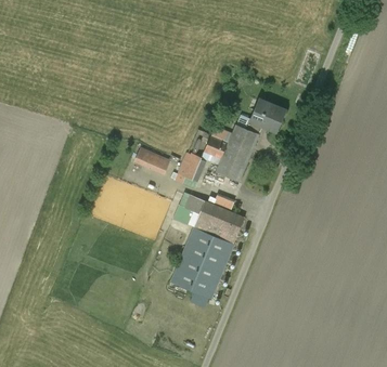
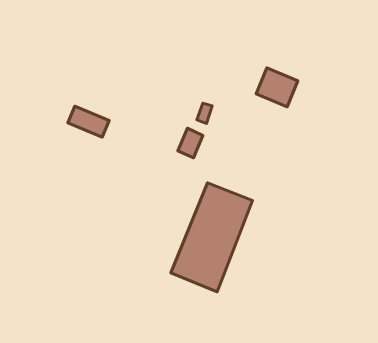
building: [215,123,258,180] -> none
building: [136,145,173,173] -> [68,106,109,137]

